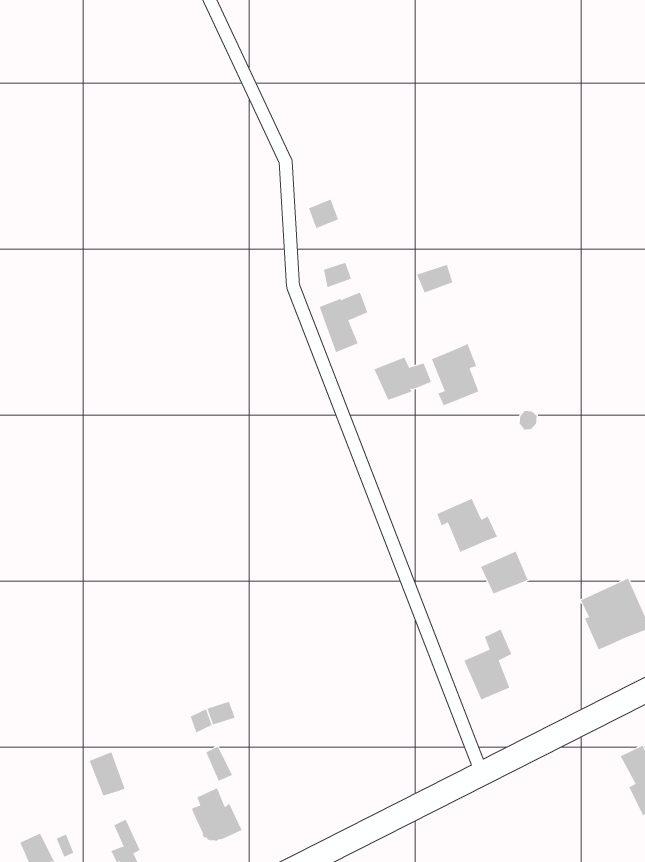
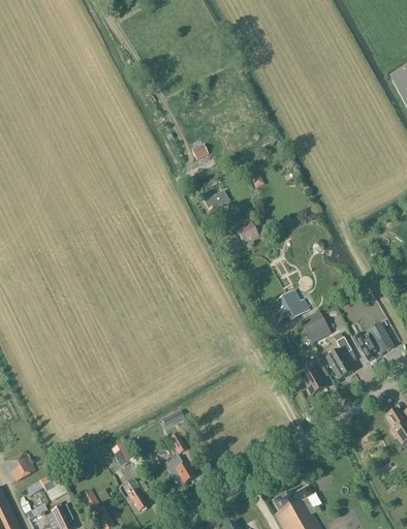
building: [431,343,479,406] -> none
building: none -> [326,337,353,379]

